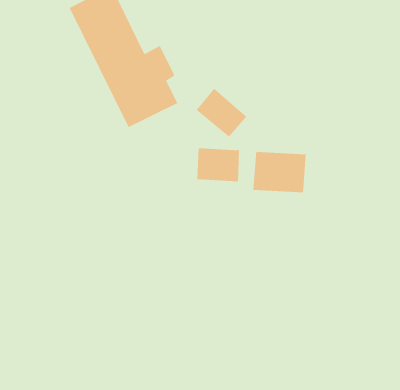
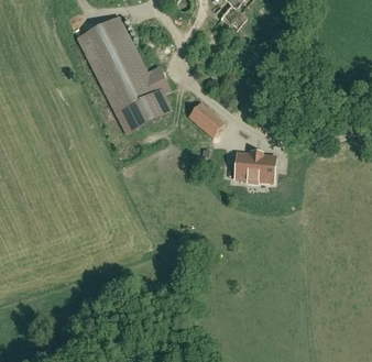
building: [197,148,240,182] -> none

